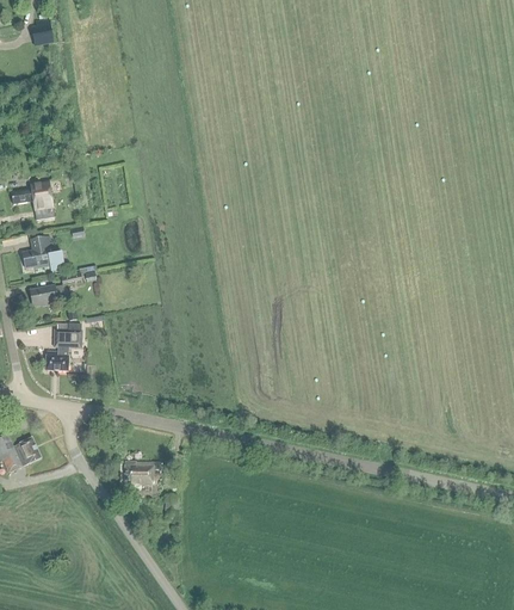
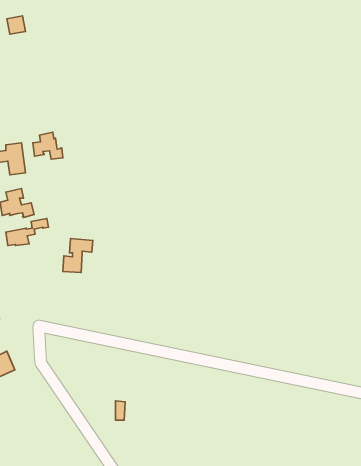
building: none -> [33,132,63,159]
building: [44,328,81,370] -> [63,238,93,272]
building: [122,458,161,482] -> none

